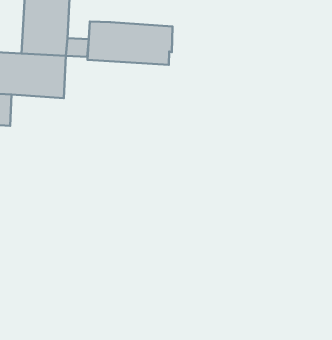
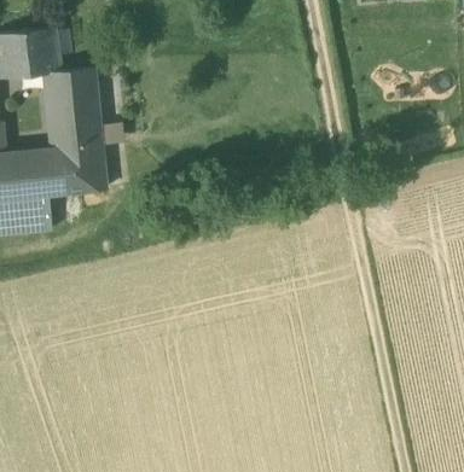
building: [87,22,173,65] -> none

